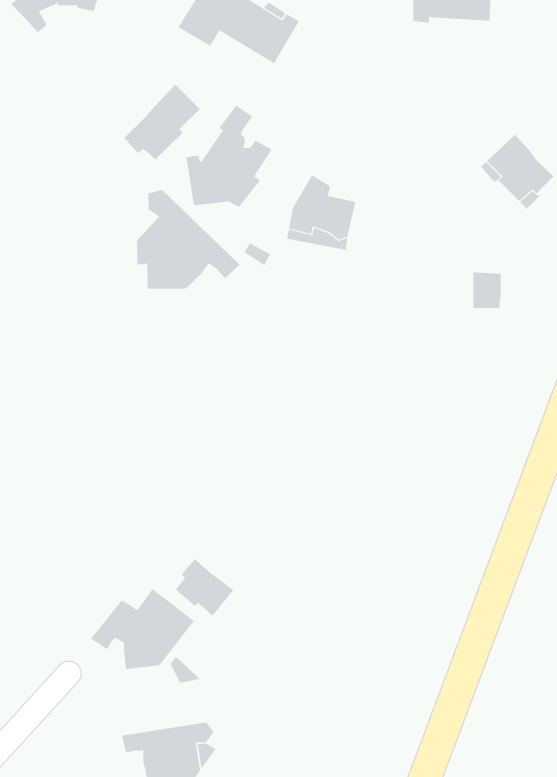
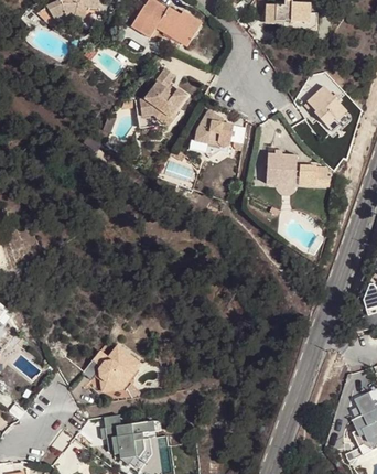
building: [123,84,201,160] -> none
building: [136,189,241,289] -> none
building: none -> [267,153,298,184]
building: [175,559,234,616] -> none

